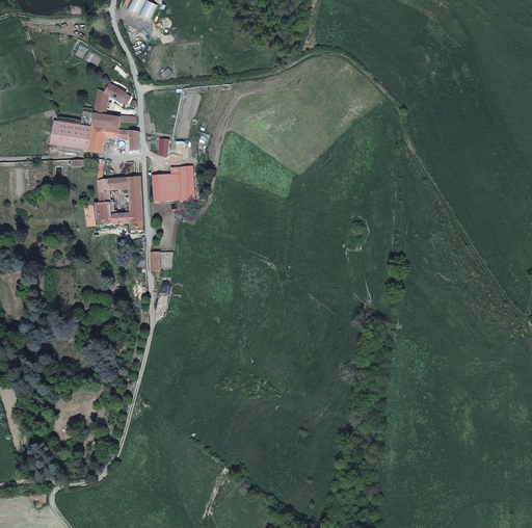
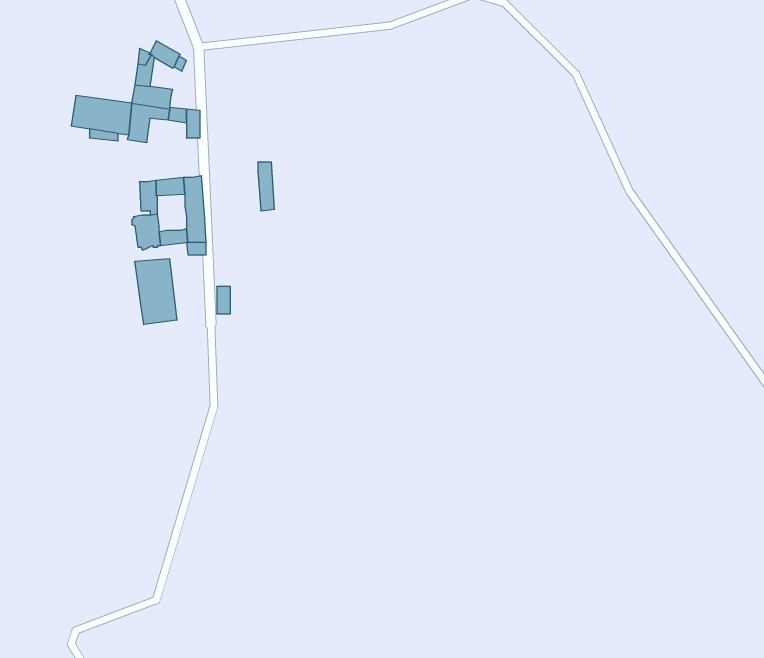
building: [152,173,181,202] -> none
building: none -> [135,259,177,325]

